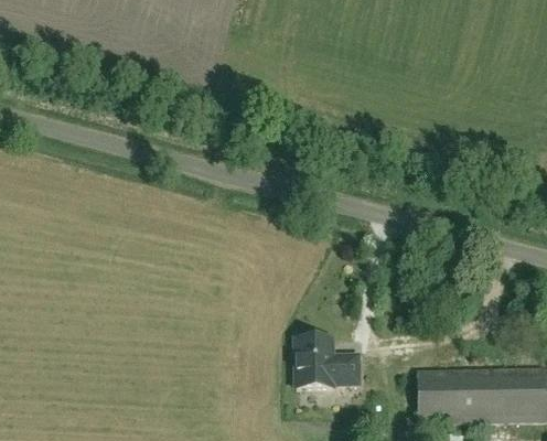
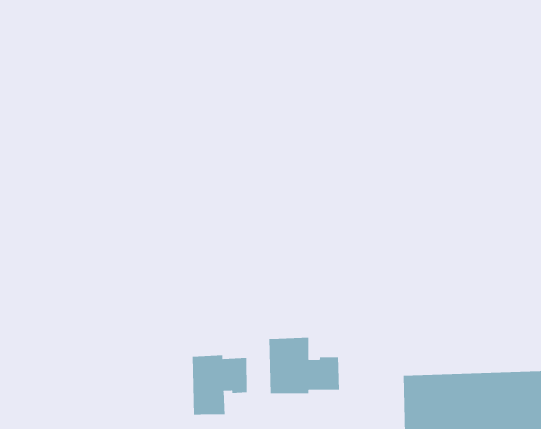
building: none -> [192,355,247,415]

